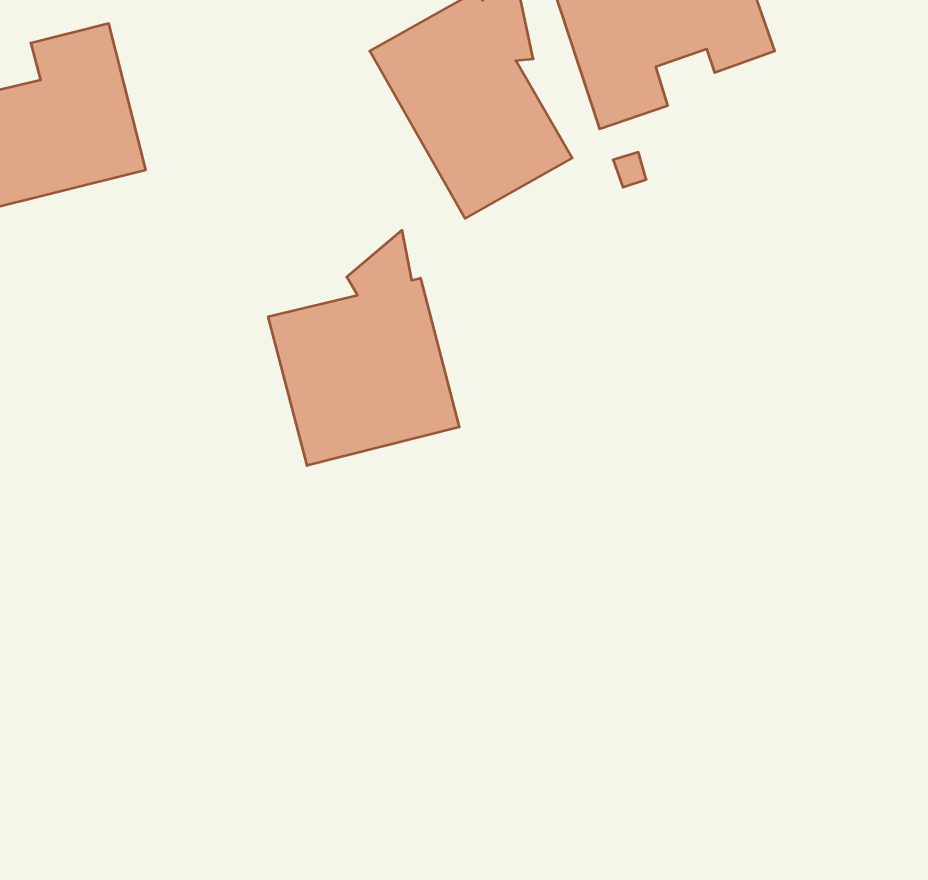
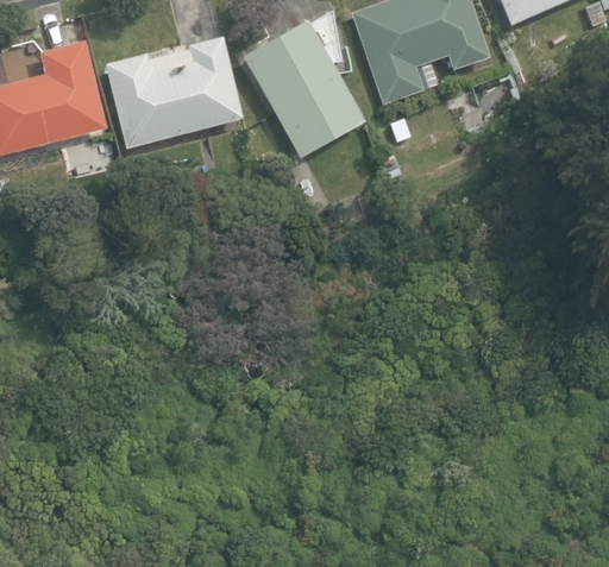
building: none -> [106,38,241,147]
building: [268,230,459,466] -> none

